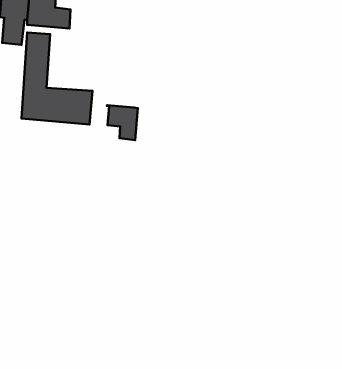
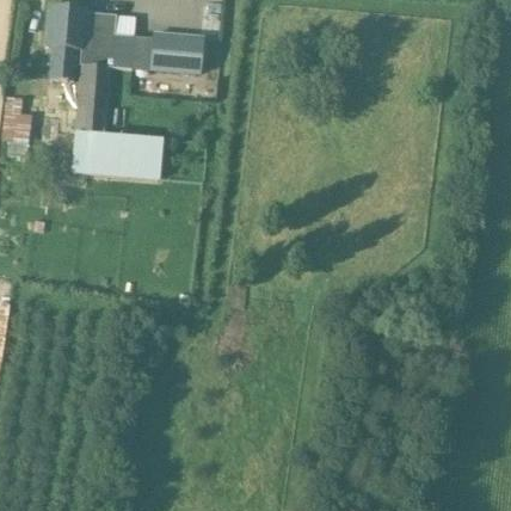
building: none -> [148,31,201,73]
building: [107,105,138,140] -> none

